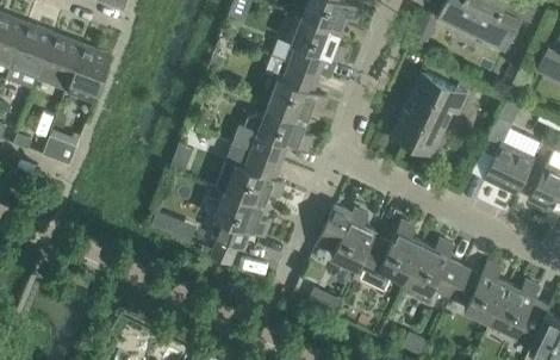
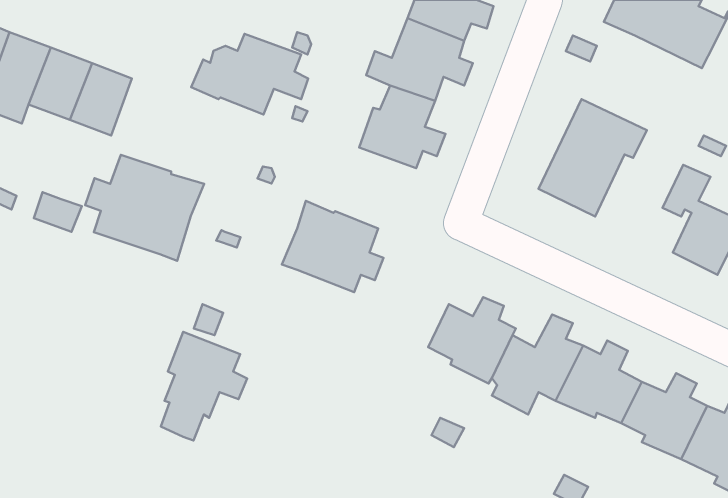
building: [231,106,312,162] -> [191,34,308,115]
building: none -> [85,155,204,261]
building: [210,191,269,266] -> [161,332,247,440]

